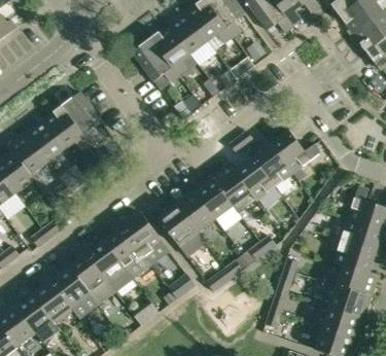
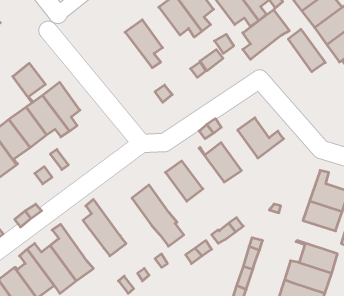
building: [169,11,209,55] -> none
building: none -> [243,10,289,59]
building: none -> [288,29,325,72]
building: [132,38,179,82] -> none
building: none -> [13,63,45,103]
building: [253,143,292,186] -> none
building: [211,163,256,206] -> none
building: [176,188,216,232] -> none
building: [116,211,170,264] -> none
building: [81,238,134,291] -> none
building: [335,240,379,276] -> none

